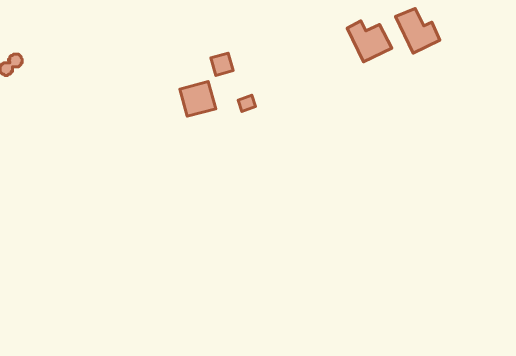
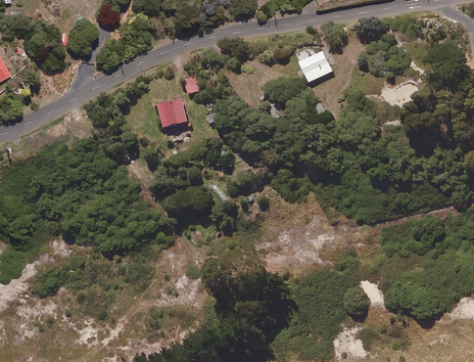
building: [395,8,440,53] -> none

